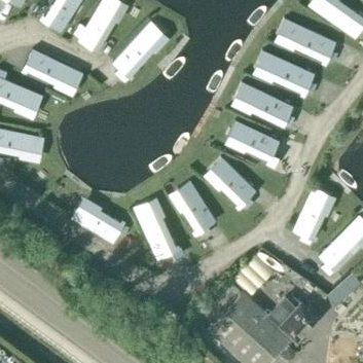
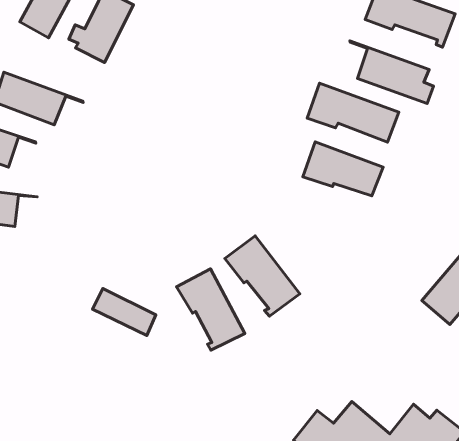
building: [113,23,158,83] -> none
building: [215,158,255,211] -> none

